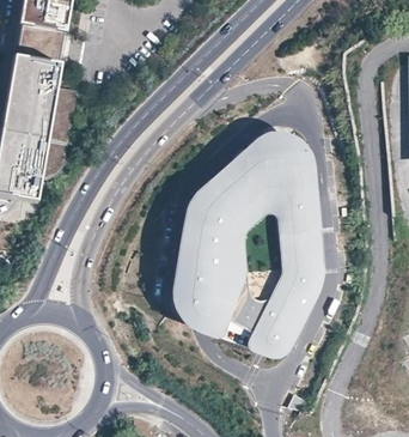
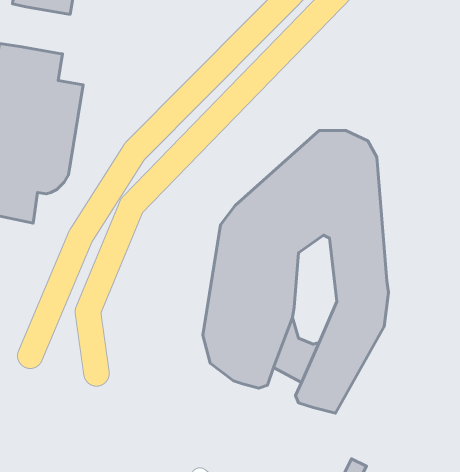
building: [24,26,63,65] -> none

